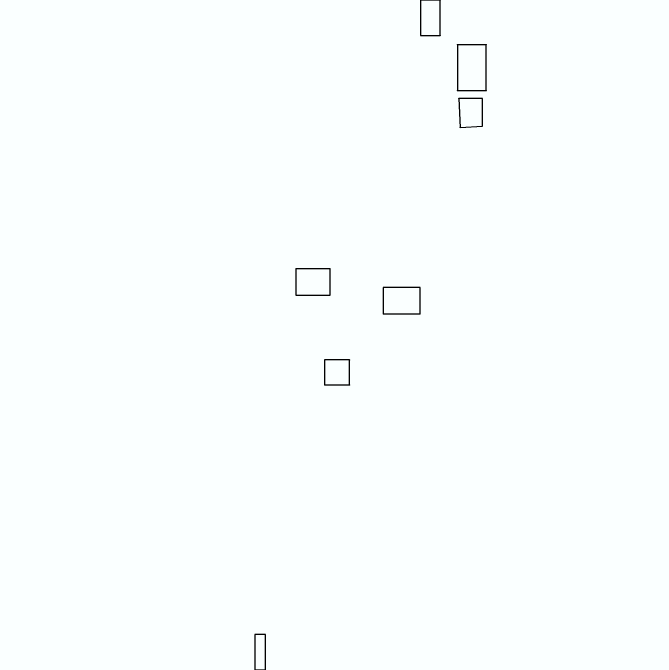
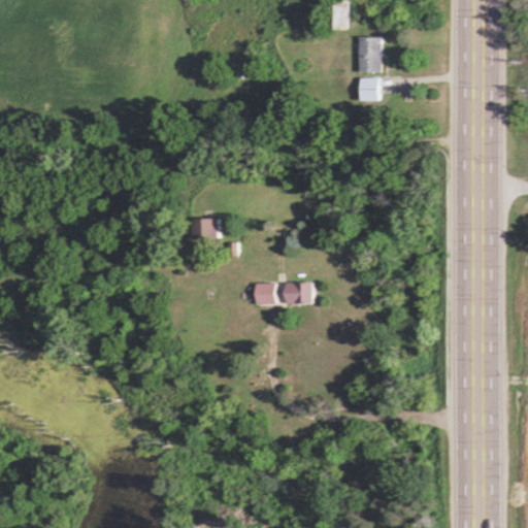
building: [296,269,330,295] -> [191,219,218,239]
building: [383,288,420,314] -> [285,283,314,303]

